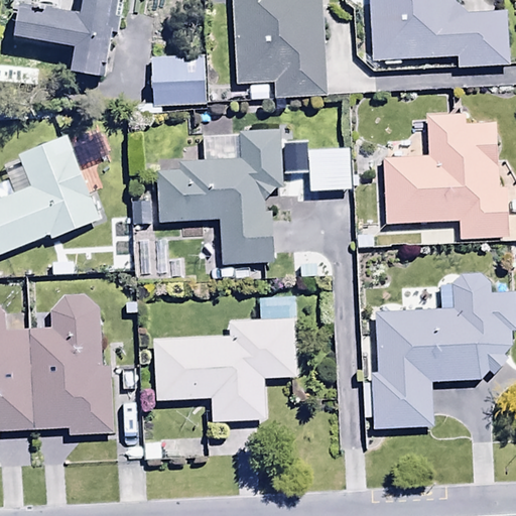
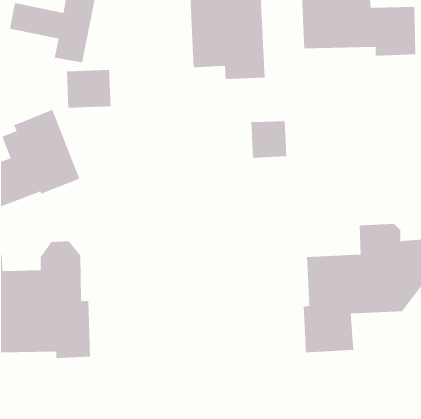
building: [151,56,207,104] -> [66,69,111,108]
building: [384,111,509,241] -> none
building: [156,129,283,265] -> none
building: [153,294,299,422] -> none

